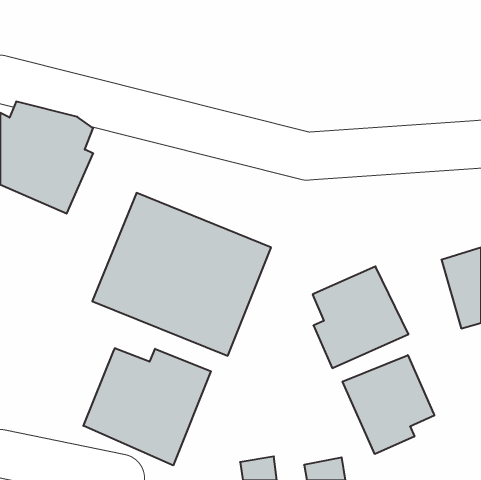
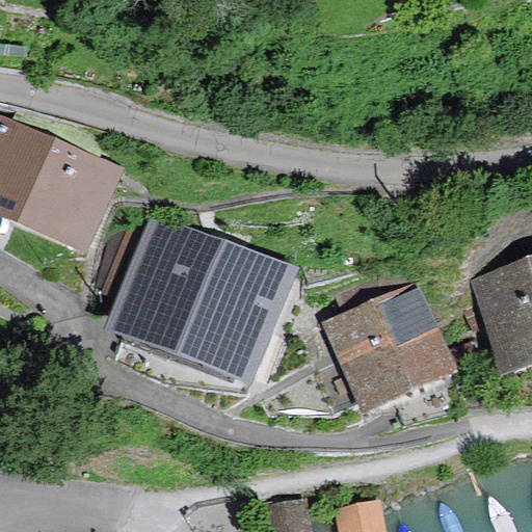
building: [83,348,211,465] -> none
building: [343,355,434,454] -> none

